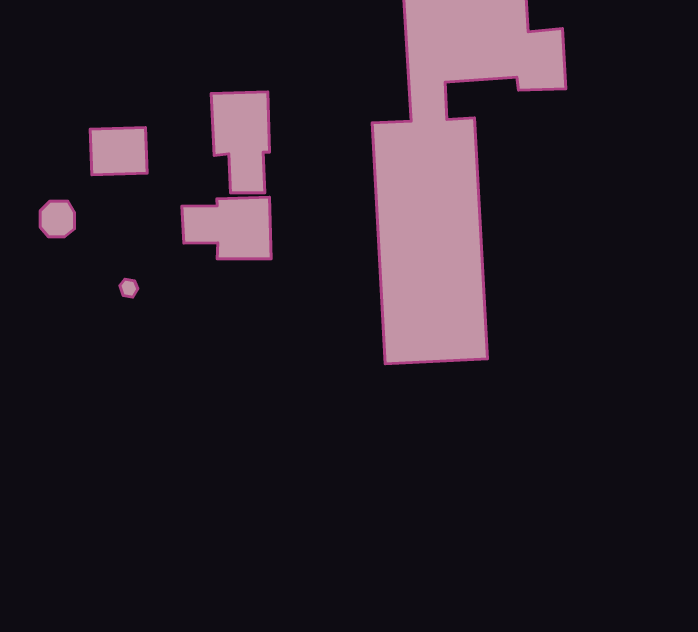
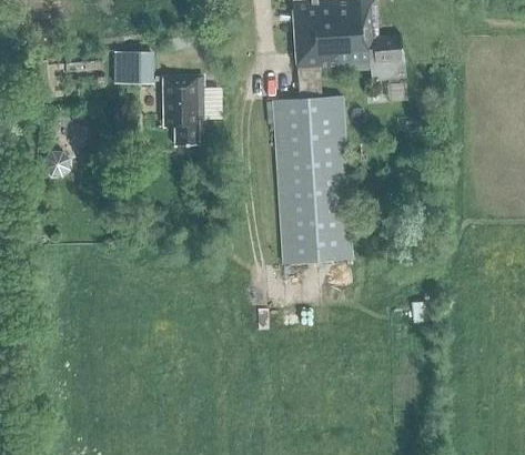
building: [90,128,147,175] -> [113,59,152,91]
building: [182,197,271,259] -> none

